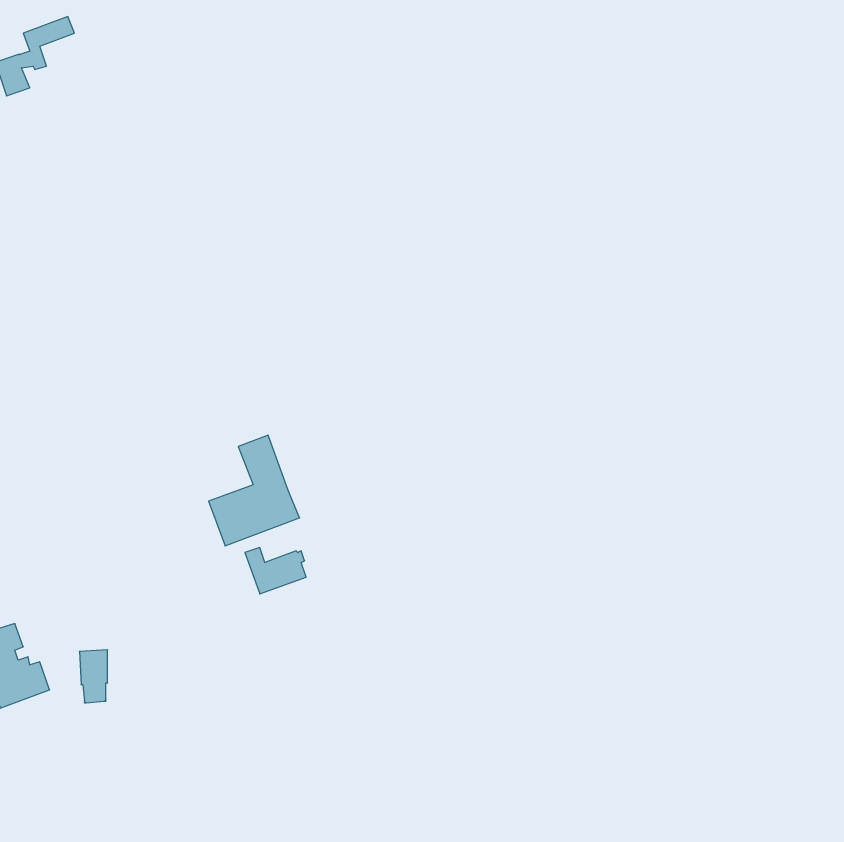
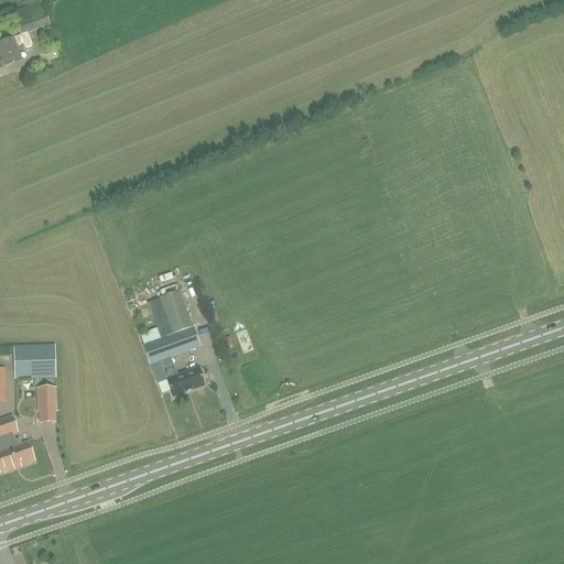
building: none -> [13,344,54,377]
building: [79,650,108,703] -> [36,387,55,422]

